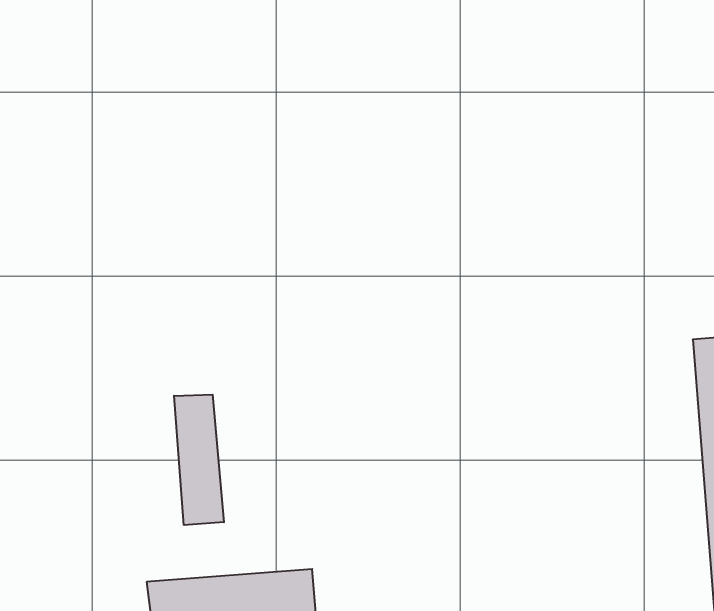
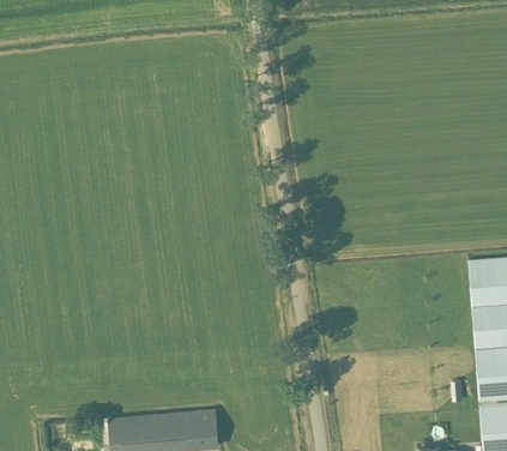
building: [174,395,224,525] -> none

